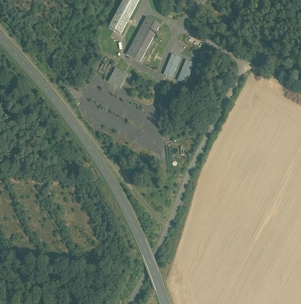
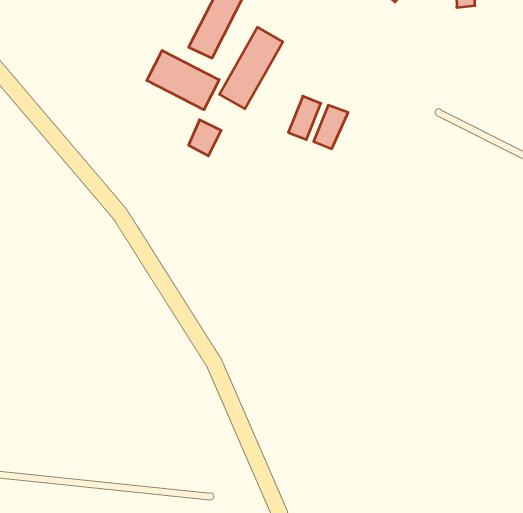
building: none -> [147,50,219,110]

